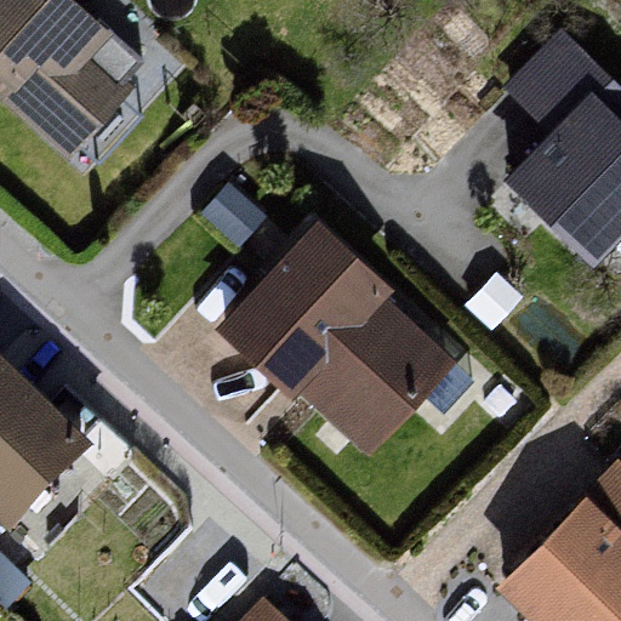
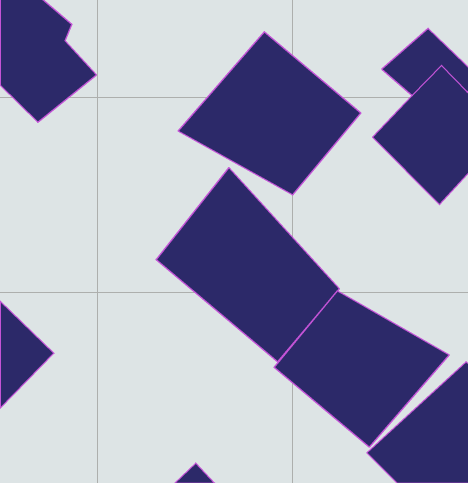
building: none -> [178,32,361,195]
building: none -> [274,291,449,447]

